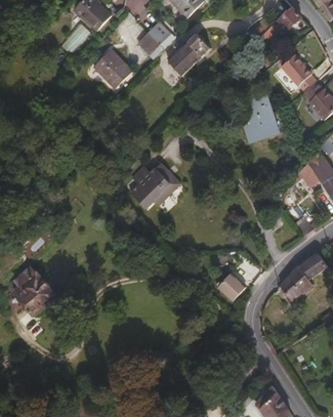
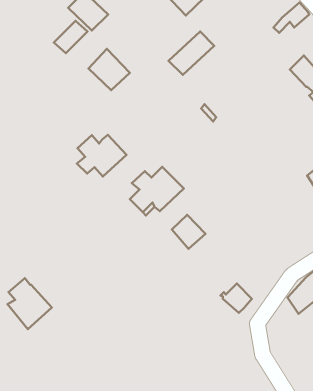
building: [138,25,174,59] -> none
building: [244,95,279,142] -> none
building: none -> [77,135,127,176]
building: none -> [172,215,206,249]

